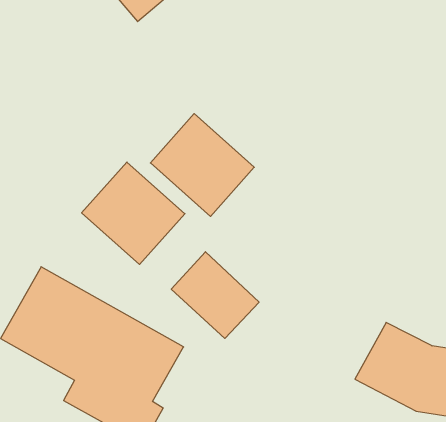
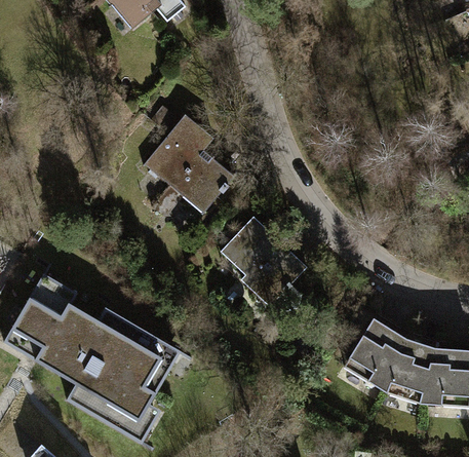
building: [82,162,185,264] -> none
building: [171,252,259,338] -> [218,223,302,306]

